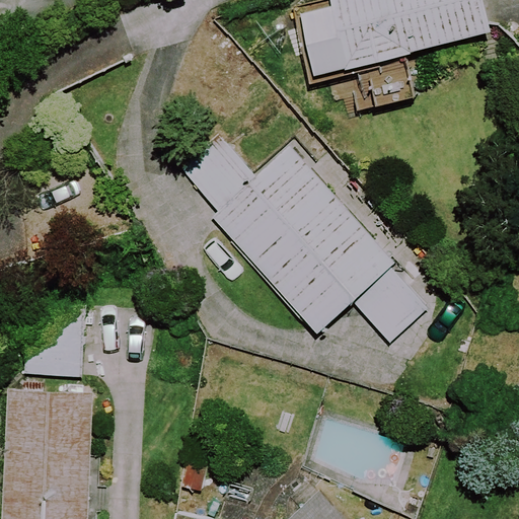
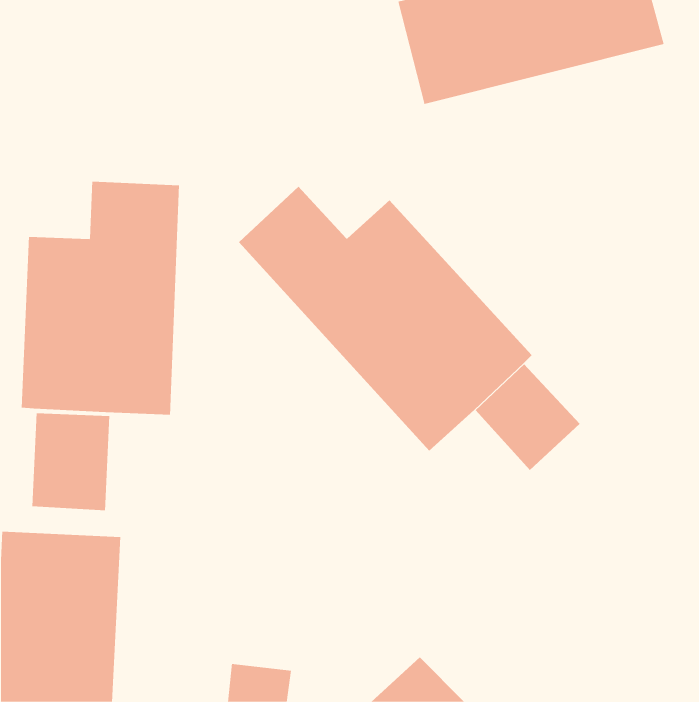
building: none -> [21,181,179,415]

